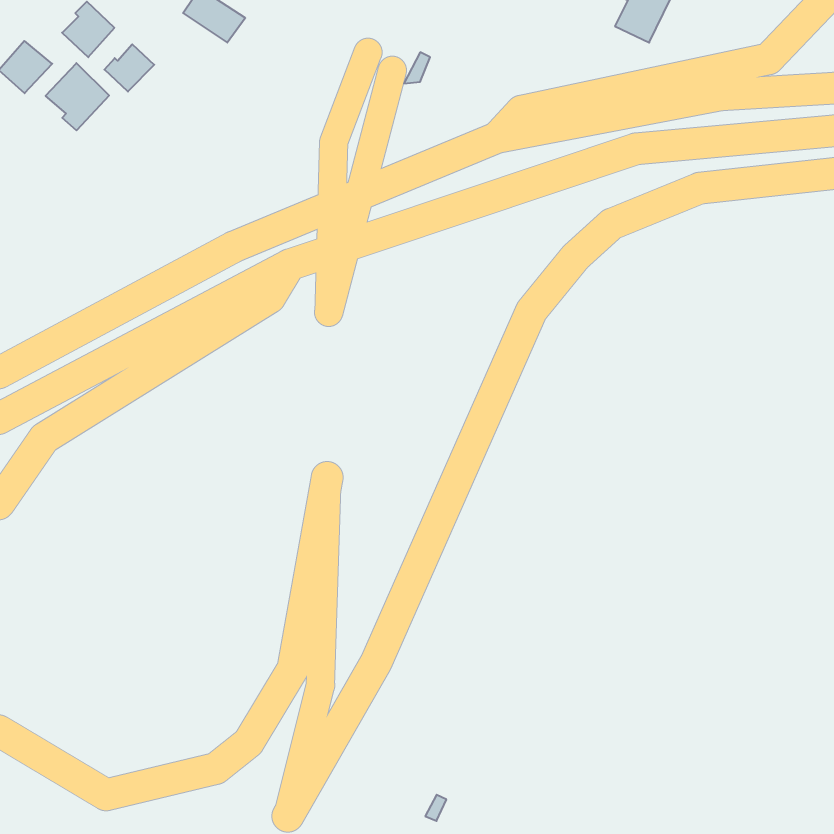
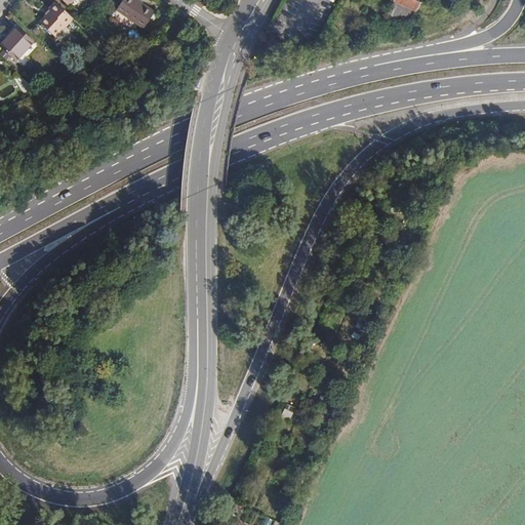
building: [104,44,154,92] -> none
building: [46,63,109,130] -> none

